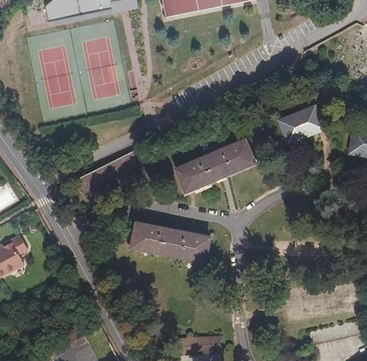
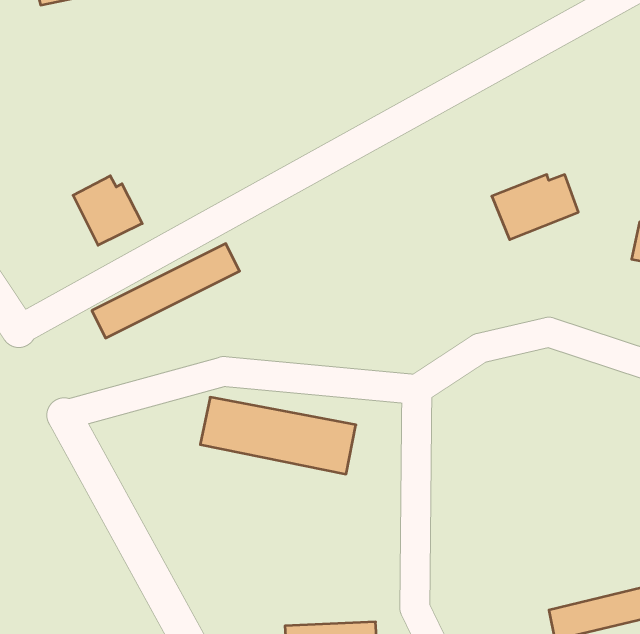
building: none -> [73,176,142,245]
building: [175,139,254,191] -> none

